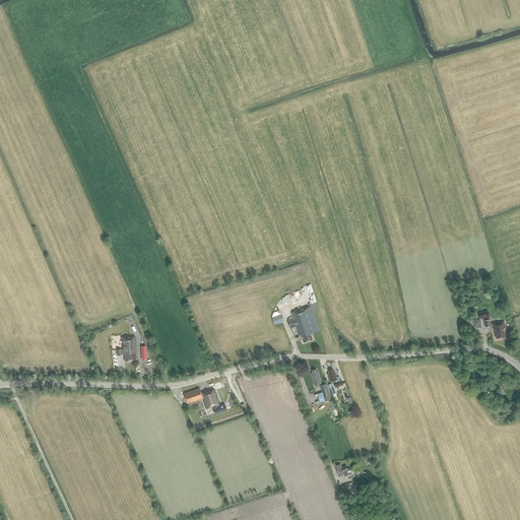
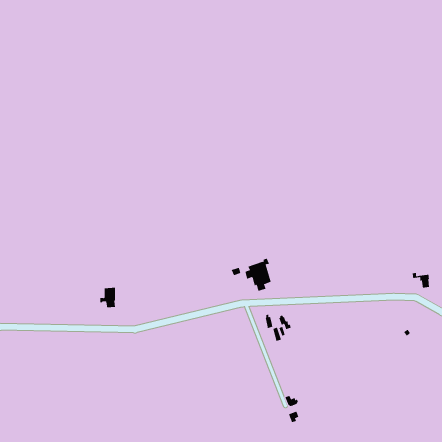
building: [184,388,228,414] -> none

